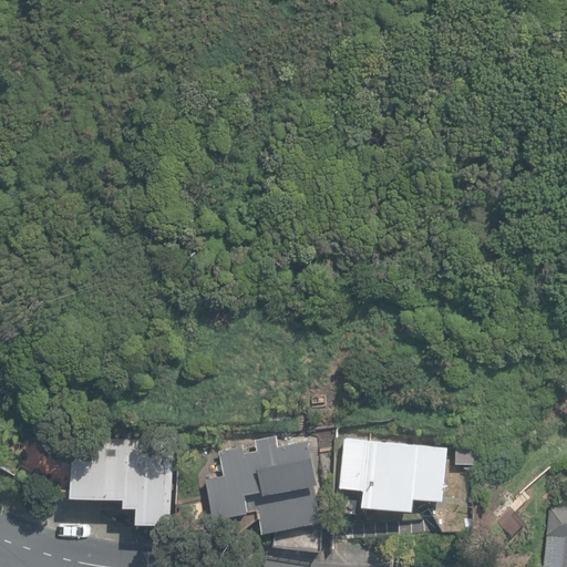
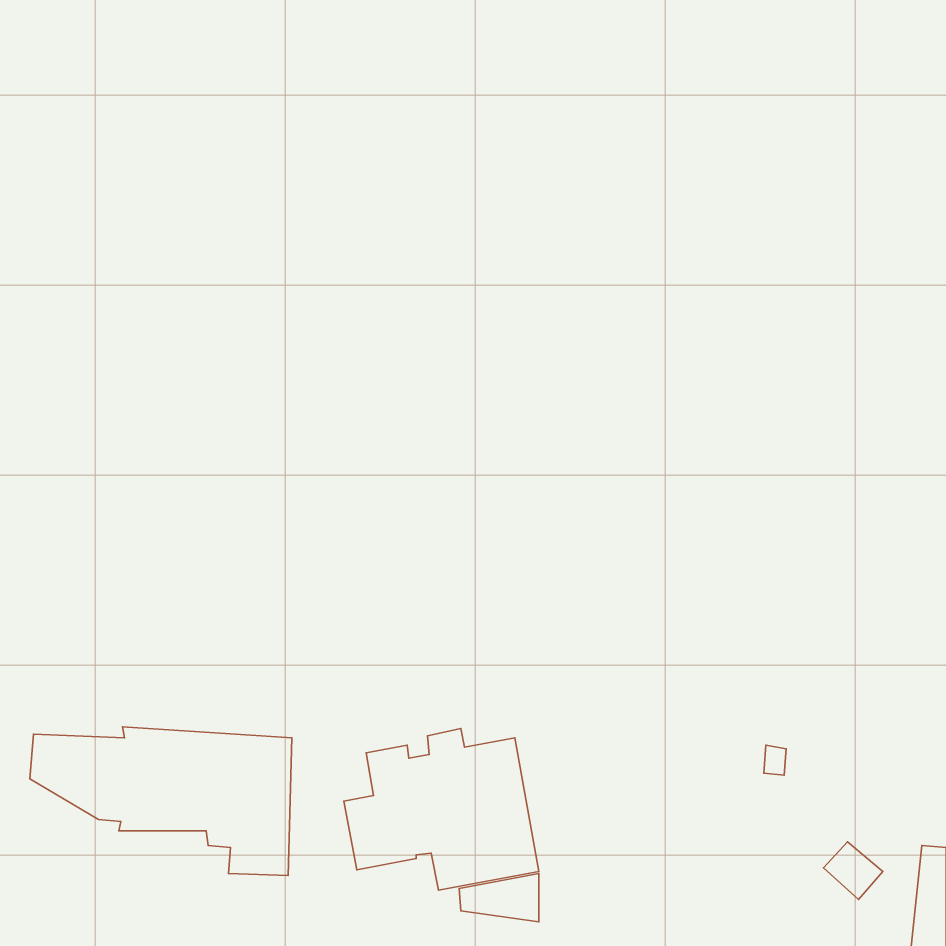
building: [338,440,446,512] -> none

